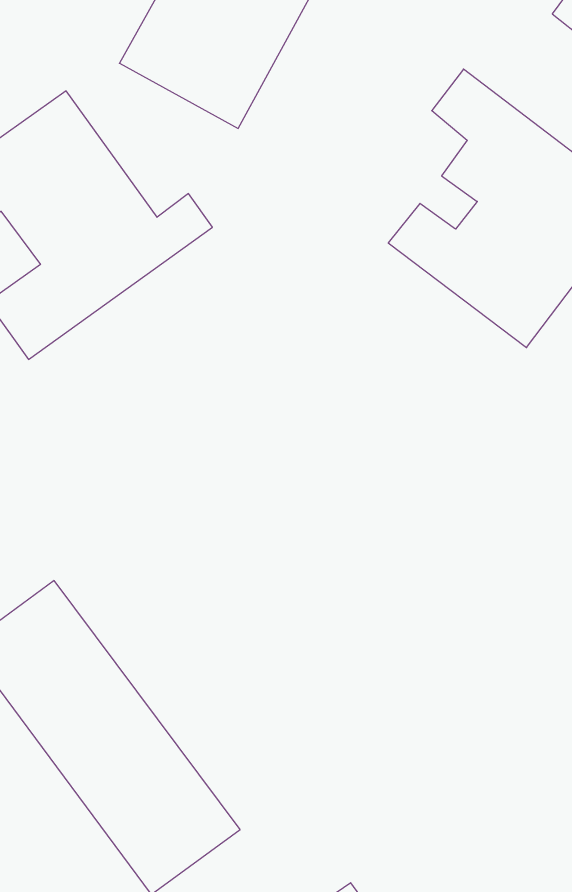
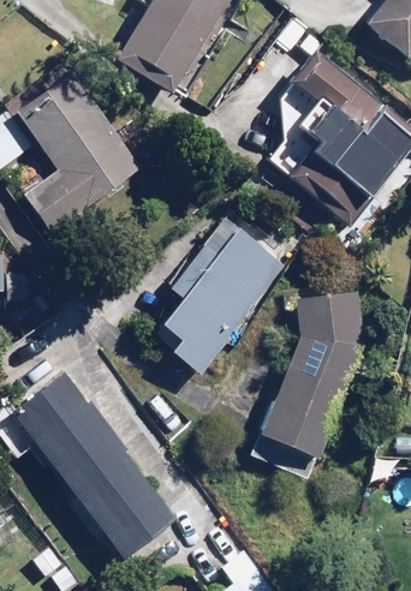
building: none -> [155,228,287,371]
building: none -> [264,289,365,480]

